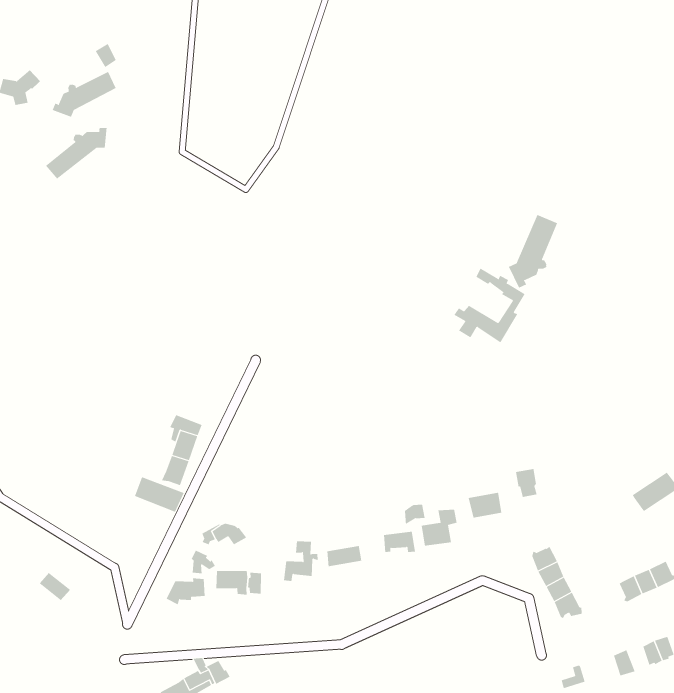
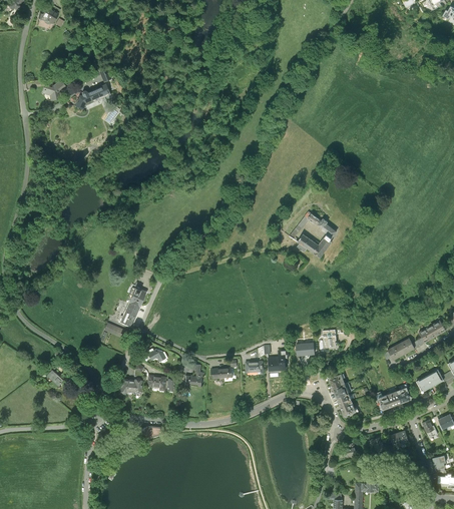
building: [45,127,107,179] -> none
building: [508,214,558,288] -> none

